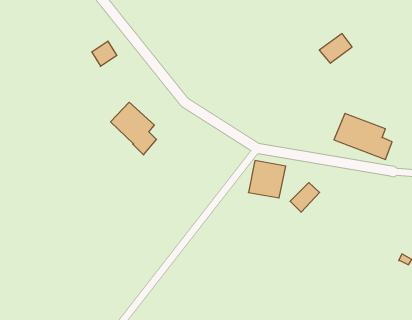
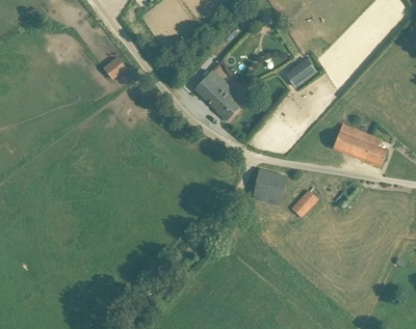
building: [319,34,352,63] -> [285,58,316,86]
building: [111,102,157,155] -> [196,71,239,120]

